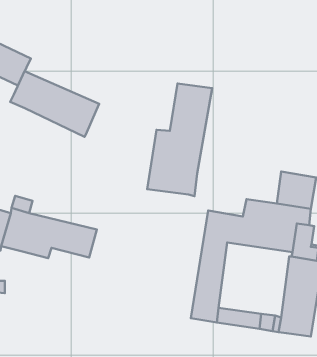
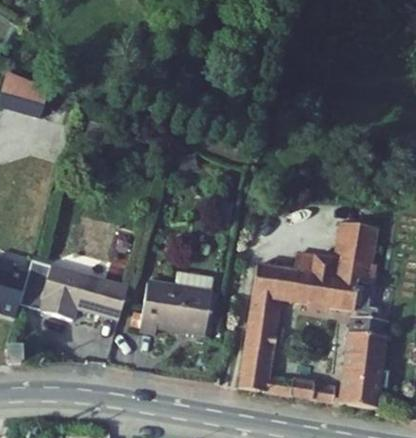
building: [10,71,99,137] -> none
building: [147,83,212,196] -> none
building: none -> [135,275,214,341]

